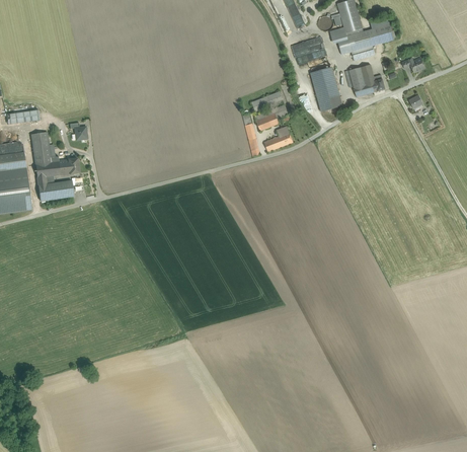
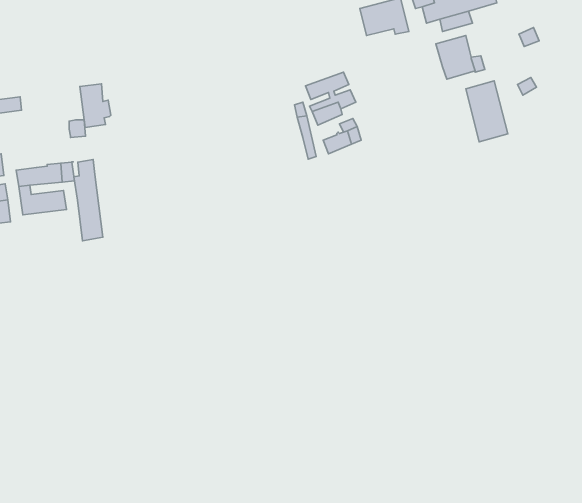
building: [310,65,341,110] -> [466,81,508,142]
building: [30,131,54,163] -> [80,84,111,127]
building: none -> [74,160,103,241]

